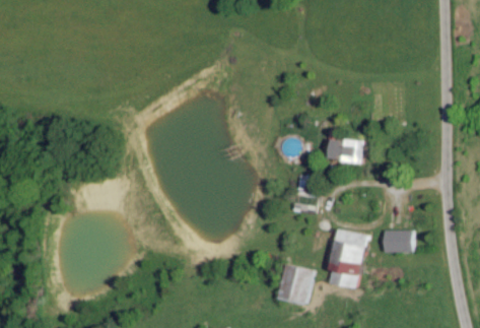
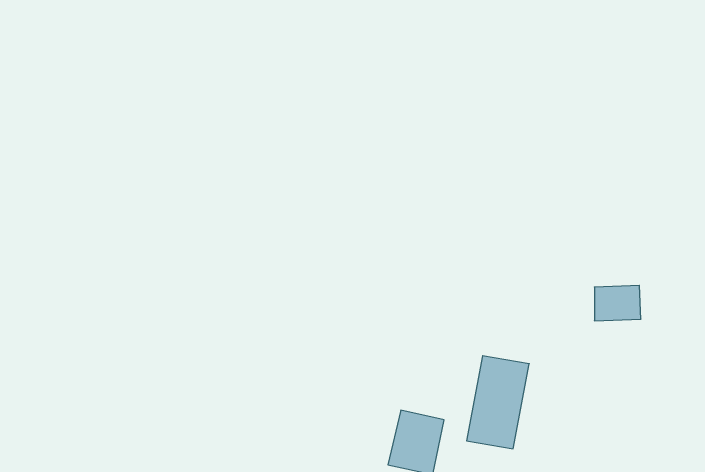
building: [331,137,360,160] -> none
building: [384,229,413,252] -> [594,285,641,321]

